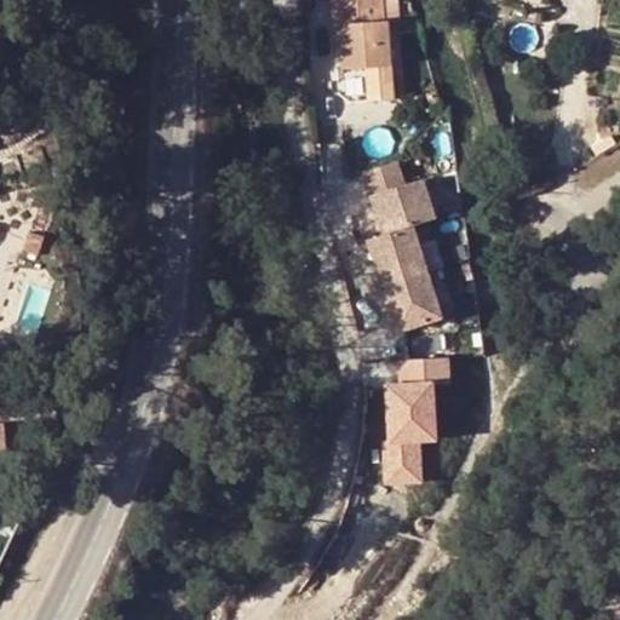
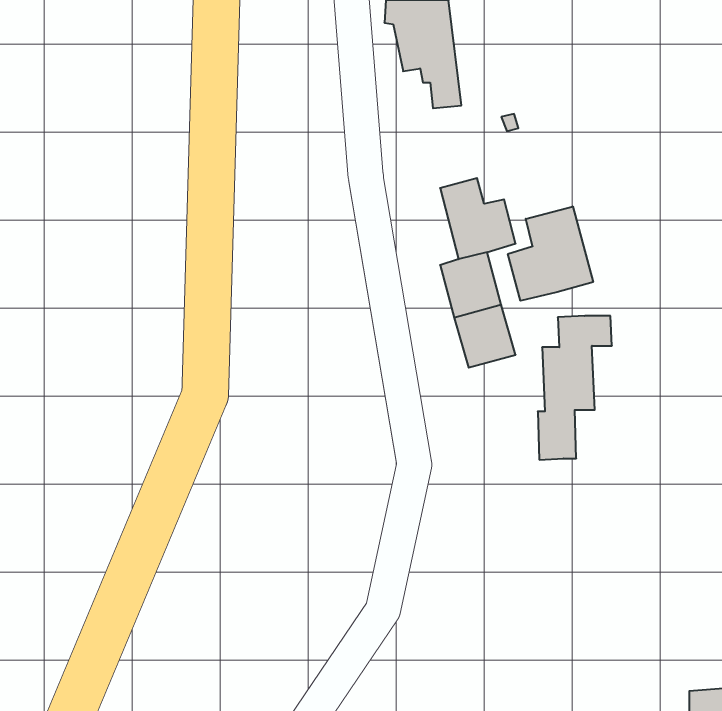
building: none -> [508,206,593,301]
building: [388,358,450,481] -> [538,316,612,460]

